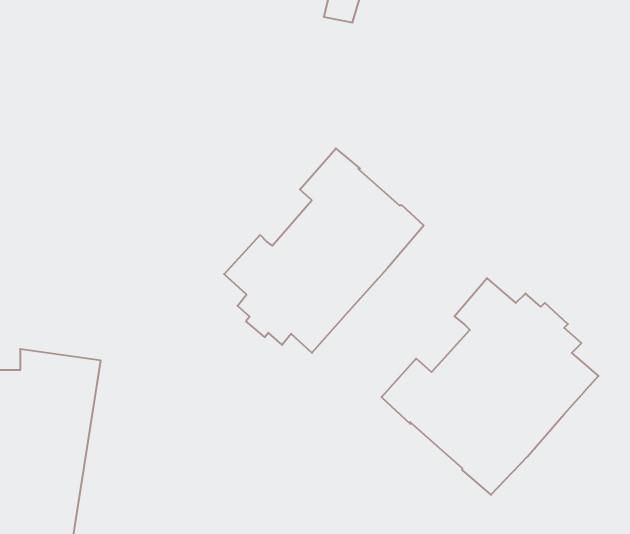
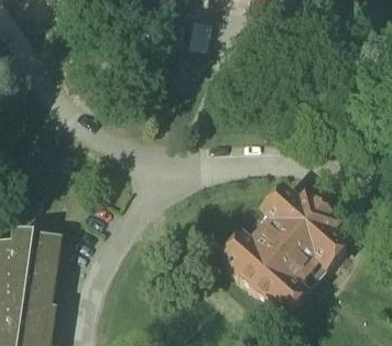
building: [224,148,424,353] -> none

